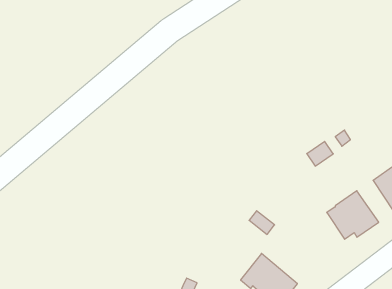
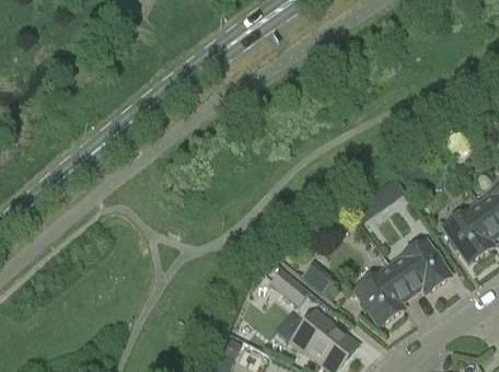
building: none -> [355,264,411,325]
building: none -> [270,267,310,305]

